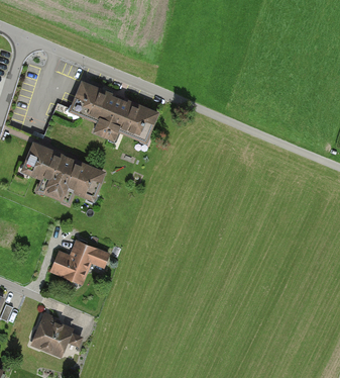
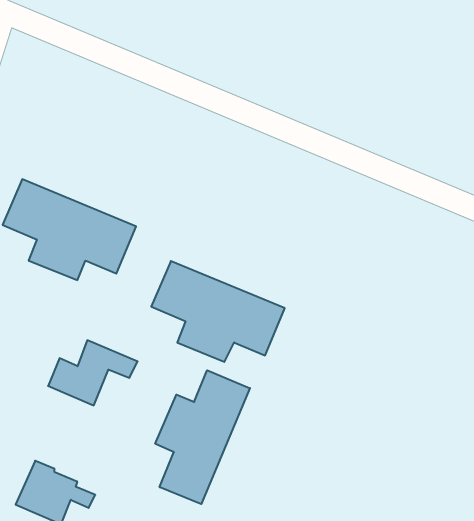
building: [73,80,155,143] -> [151,261,285,362]
building: none -> [155,370,250,504]

